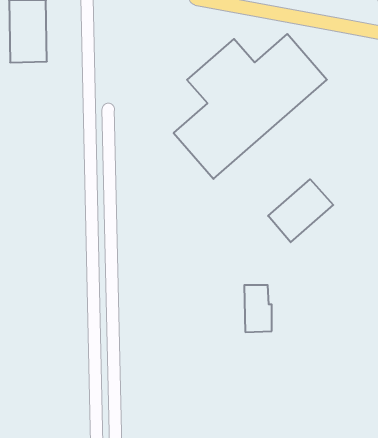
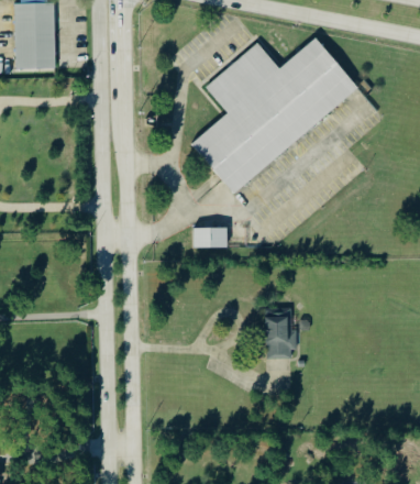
building: [268,179,333,242] -> none
building: none -> [192,228,225,249]

